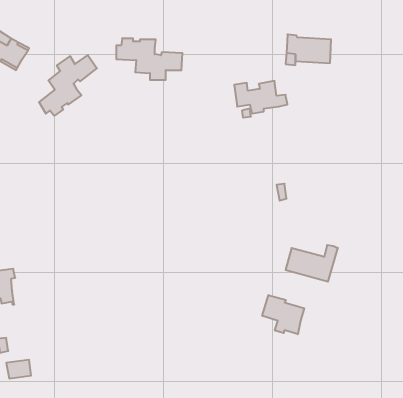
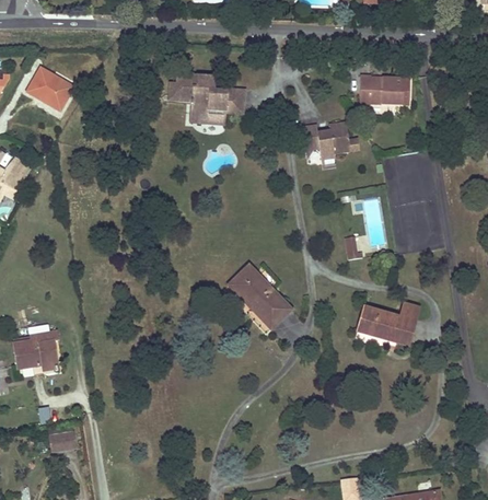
building: [39,55,97,116] -> none
building: none -> [231,264,291,327]
building: [262,295,304,334] -> none

